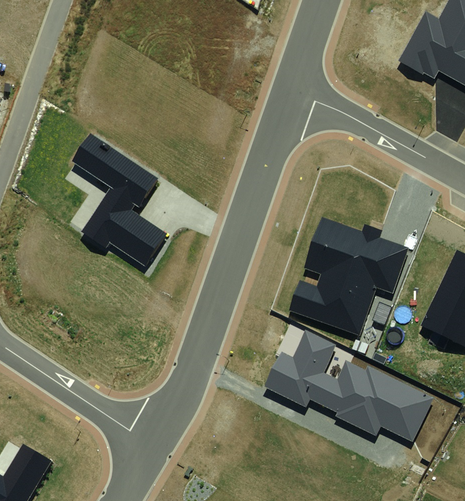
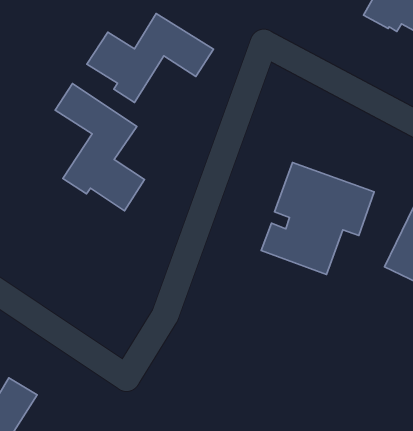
building: none -> [87,13,214,102]
building: [263,330,433,441] -> none

